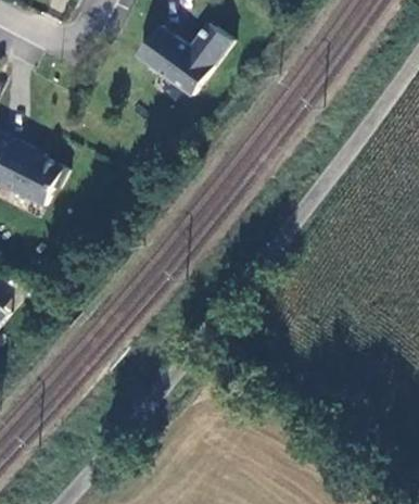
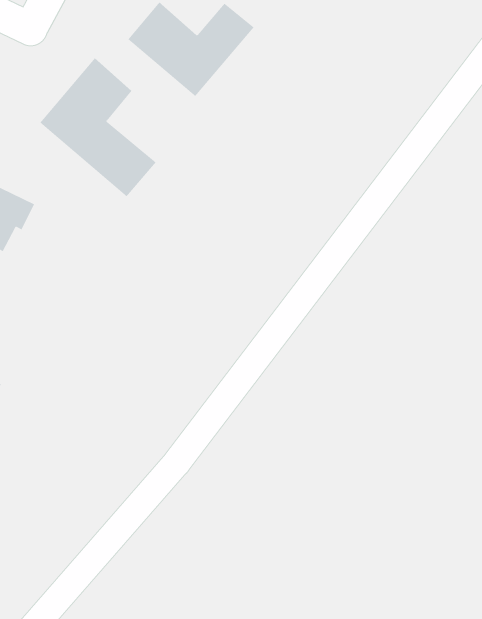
building: none -> [39,58,157,197]

